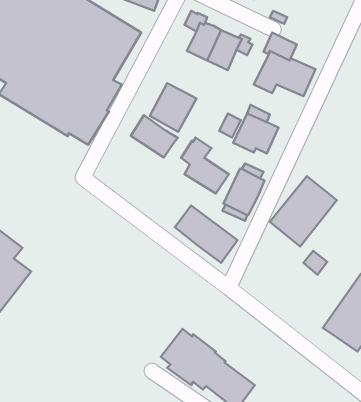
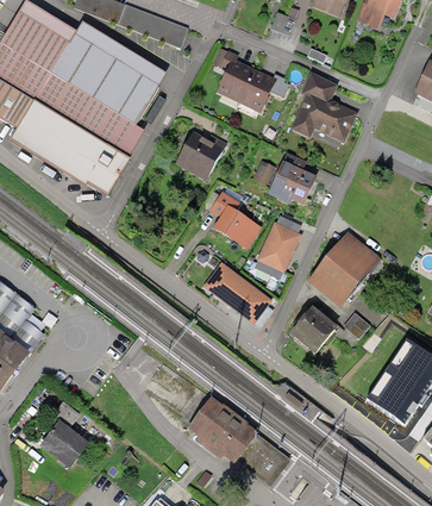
building: [131,115,178,157] -> none
building: none -> [289,304,338,352]
building: none -> [39,402,89,469]

